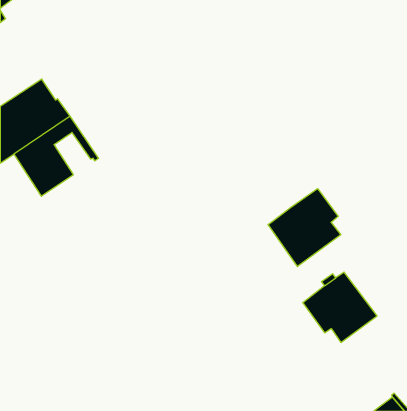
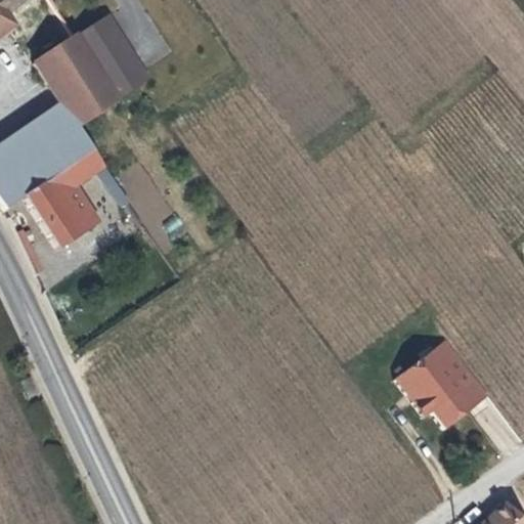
building: none -> [37,14,152,127]
building: [268,189,341,267] -> none

